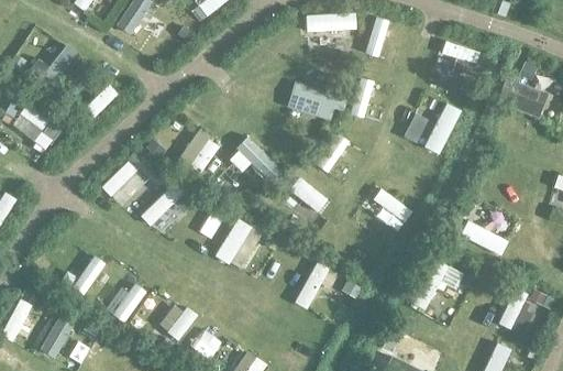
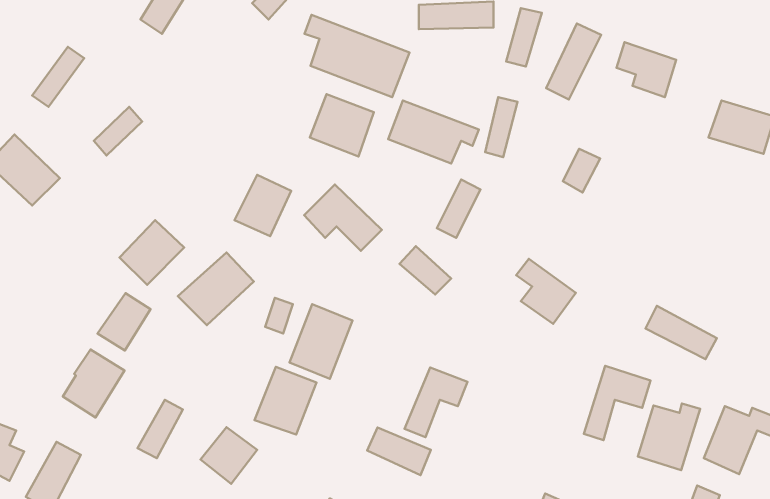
building: none -> [305,15,410,97]
building: none -> [310,94,374,157]
building: [422,102,460,154] -> [546,23,601,99]
building: none -> [97,293,151,351]
building: none -> [255,367,316,435]
building: none -> [638,403,700,470]
building: none -> [367,427,431,475]

